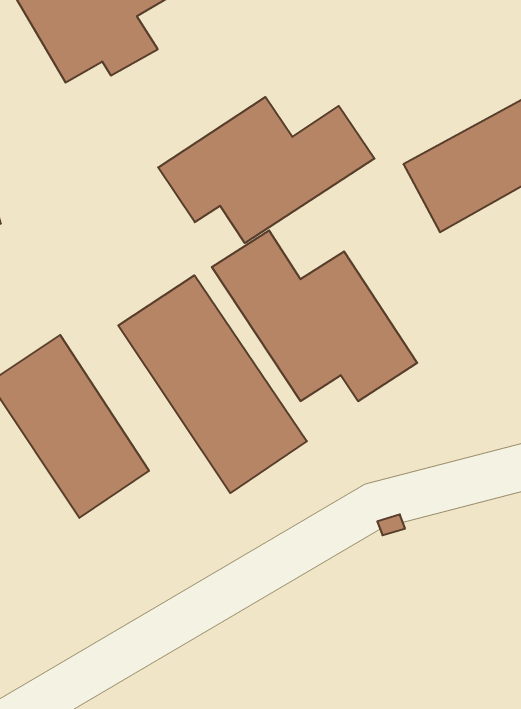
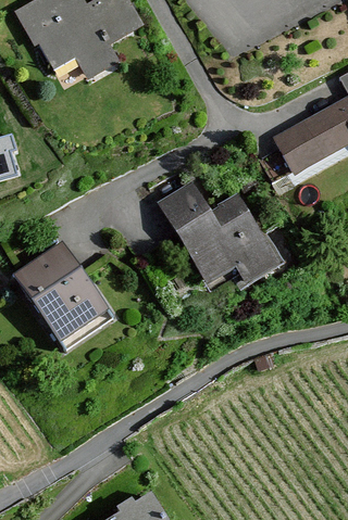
building: [158,97,375,243] -> none
building: [118,275,307,493] -> none

